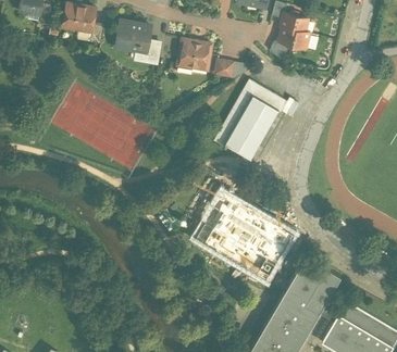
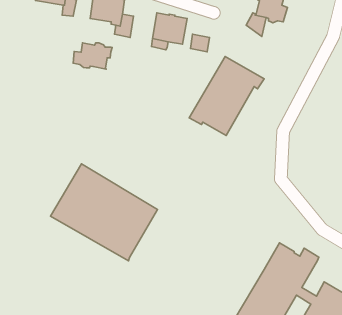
building: none -> [73,43,112,69]
building: [189,186,294,280] -> [50,164,157,261]

